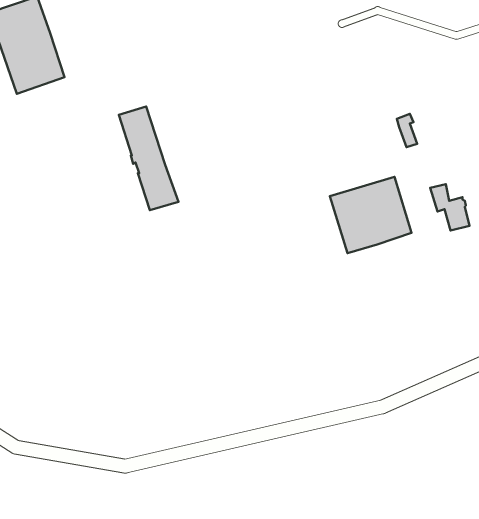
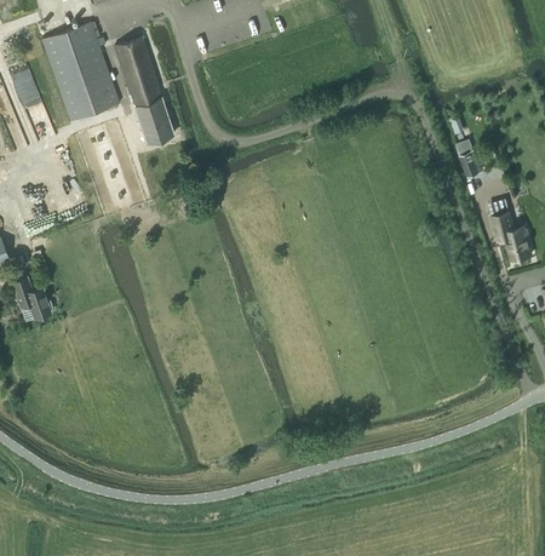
building: [119,107,178,210] -> [114,38,174,143]
building: [330,177,411,253] -> none

